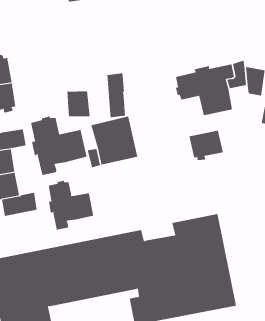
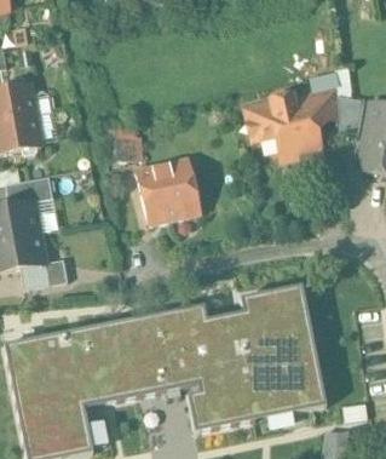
building: [107,72,125,118] -> none
building: [31,116,87,176] -> none
building: [189,130,223,161] -> none
building: [48,180,94,231] -> none

